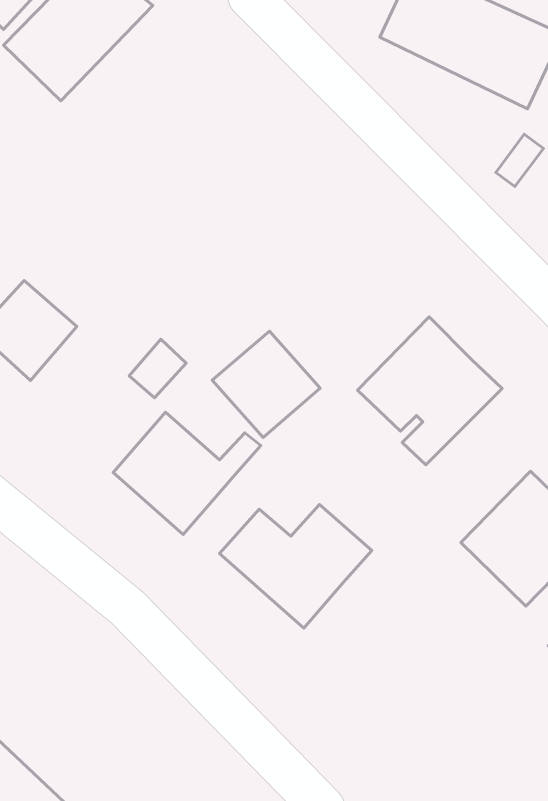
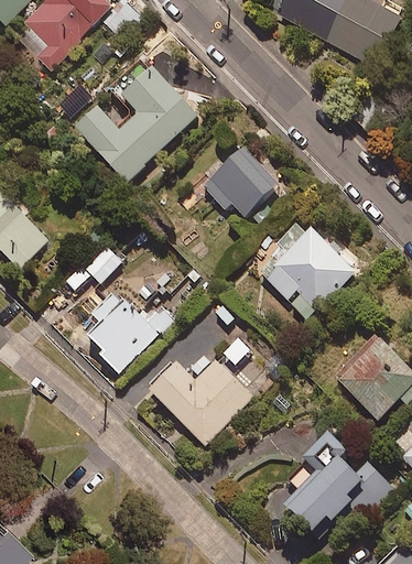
building: none -> [72,52,198,180]
building: [212,331,320,437] -> [202,143,277,217]
building: none -> [291,451,379,540]

